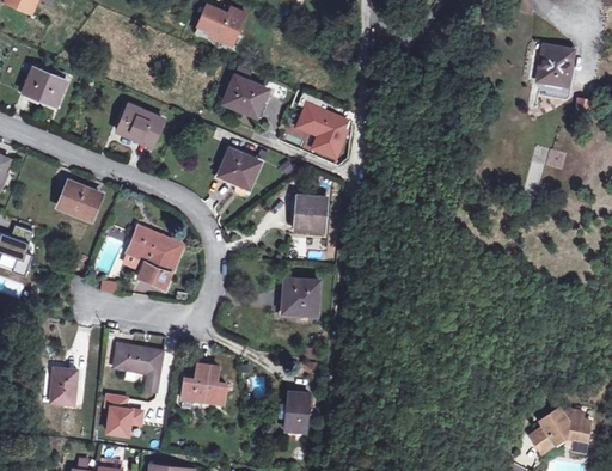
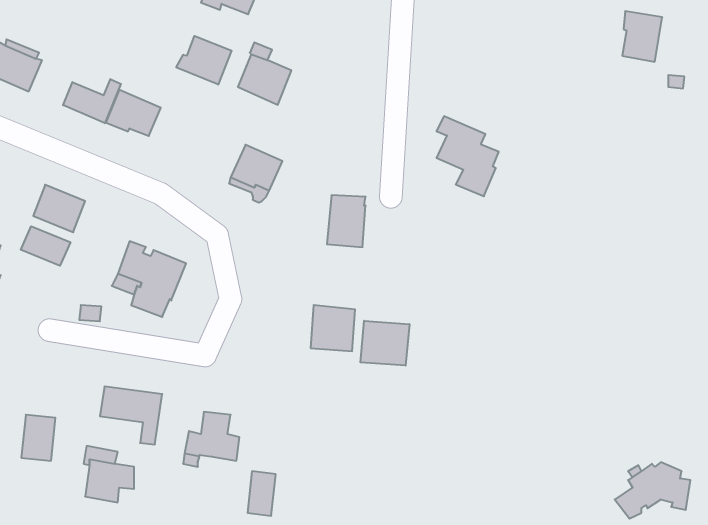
building: none -> [176,36,232,85]
building: [296,92,347,157] -> [436,116,499,196]
building: none -> [63,79,121,123]
building: none -> [21,226,70,266]
building: none -> [360,321,409,366]
building: [286,394,308,430] -> [248,471,276,516]

